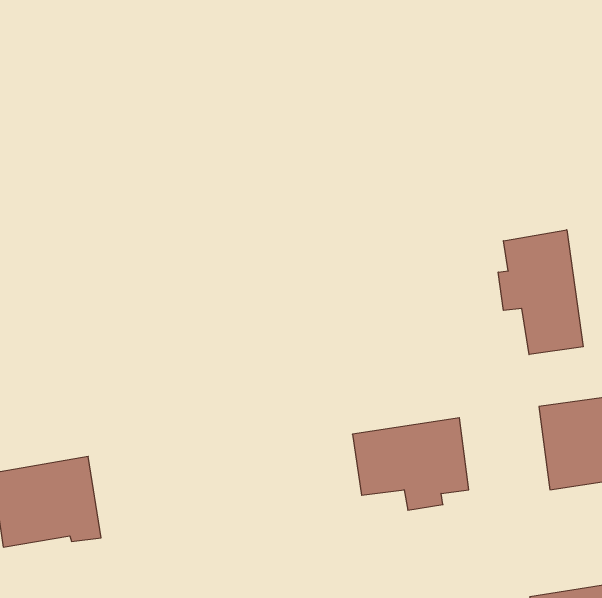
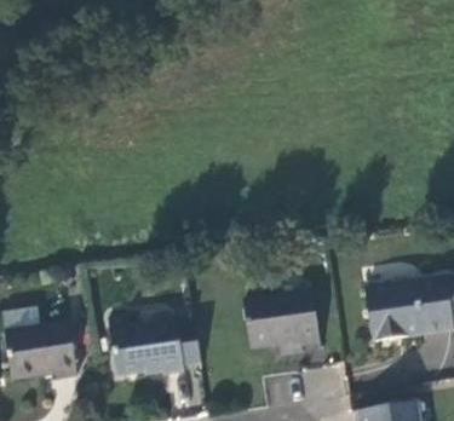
building: [498,230,583,355] -> none
building: none -> [109,316,202,375]

